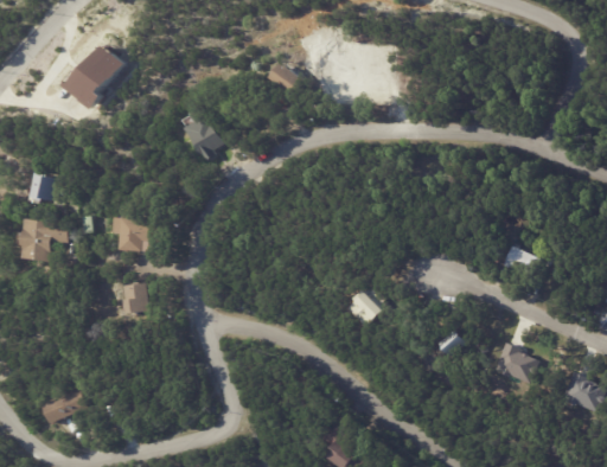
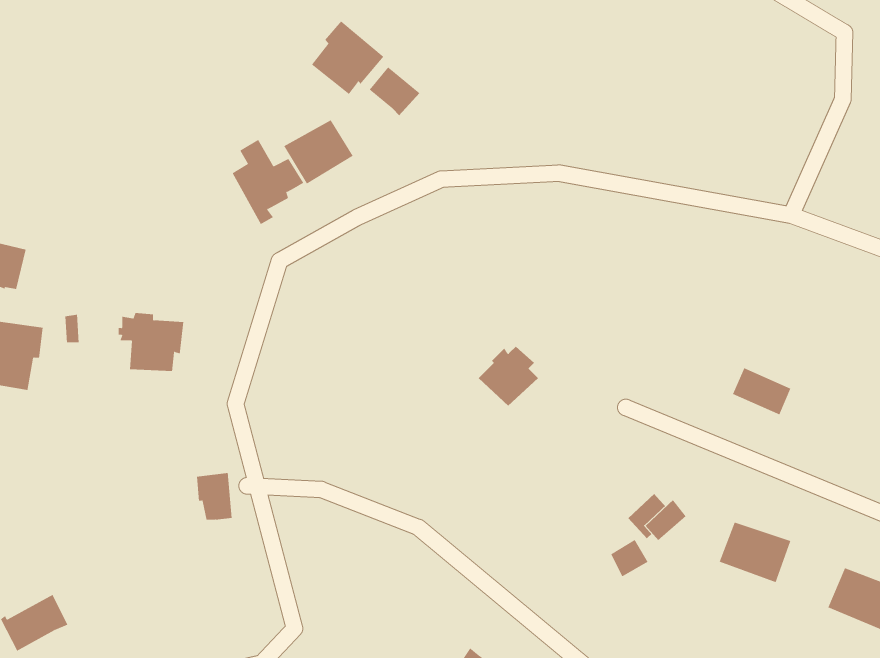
building: none -> [311,21,384,95]
building: [58,45,117,109] -> none
building: none -> [284,119,353,184]
building: [127,283,149,313] -> [196,473,232,520]
building: [349,289,386,327] -> [478,346,539,407]

